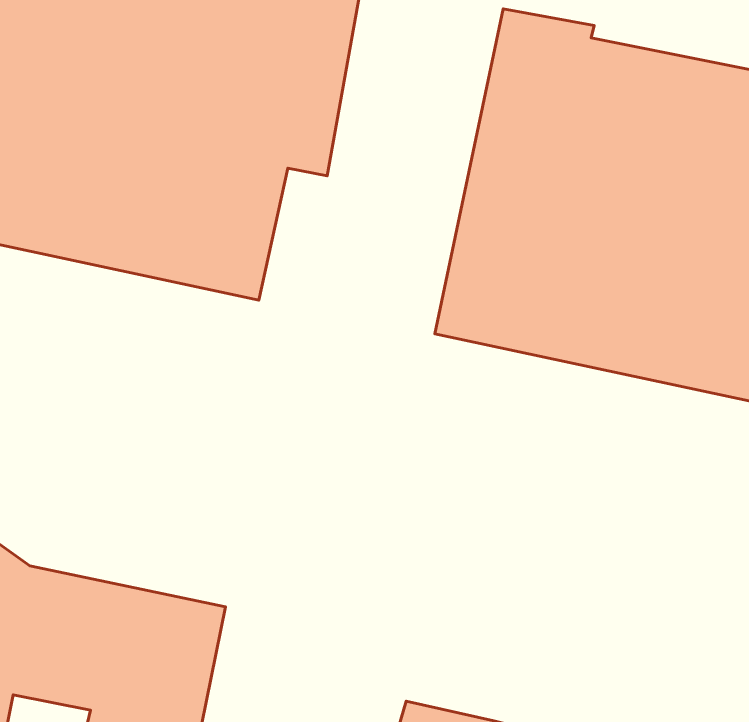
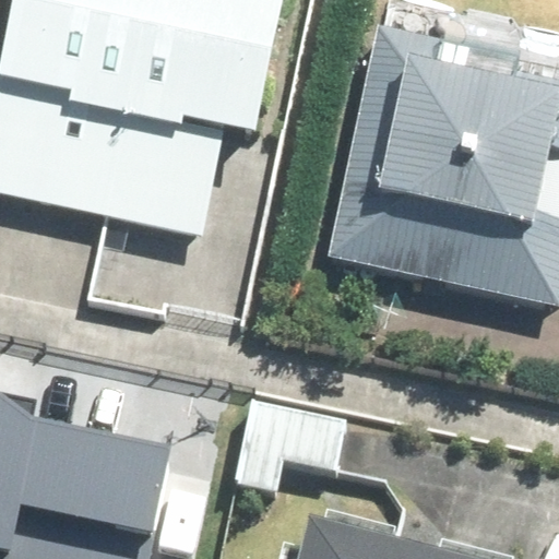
building: none -> [239,399,347,493]

